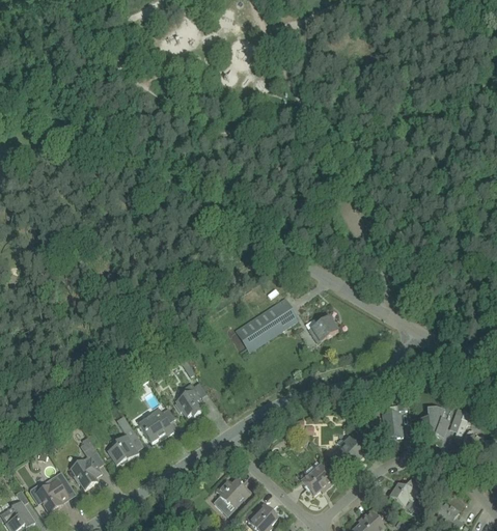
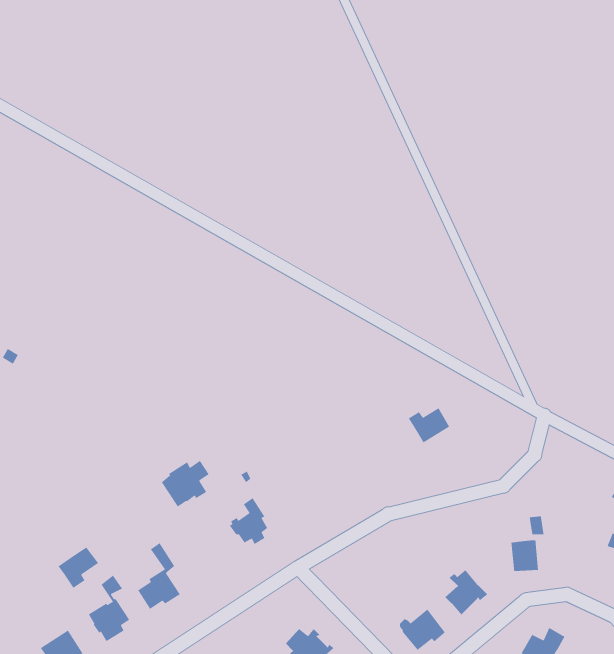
building: [237,298,299,352] -> none
building: [139,407,175,442] -> [161,460,210,508]
building: [418,408,448,437] -> none
building: none -> [57,547,99,589]

